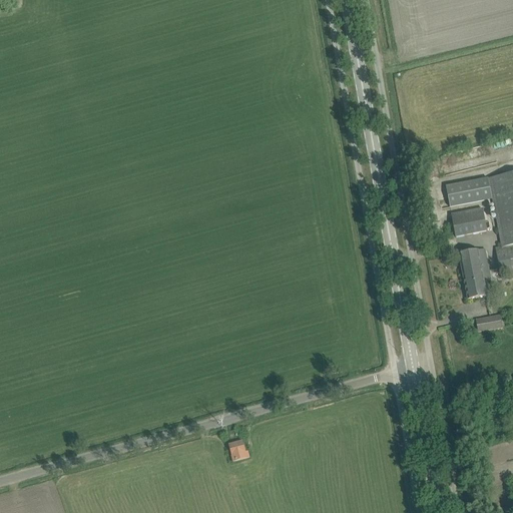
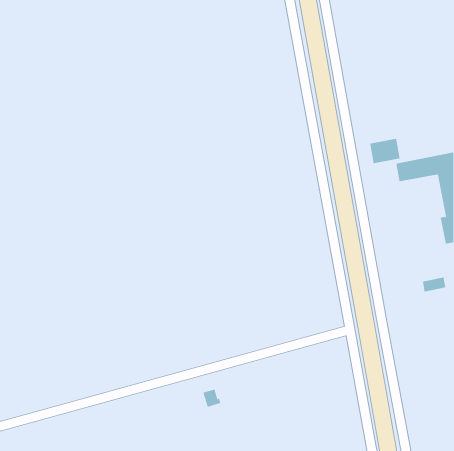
building: [452,206,487,235] -> [369,138,401,164]
building: [459,246,489,298] -> none

